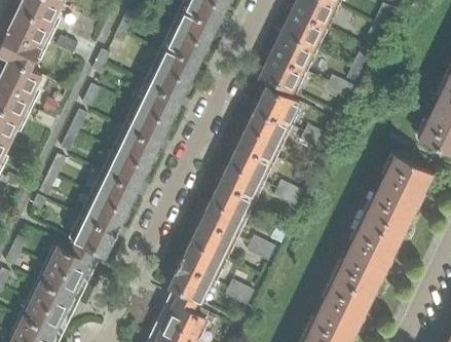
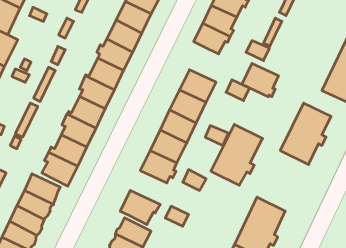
building: [255,86,300,127] -> [242,63,279,97]
building: [338,212,402,287] -> [211,124,263,185]
building: [182,236,227,278] -> none

